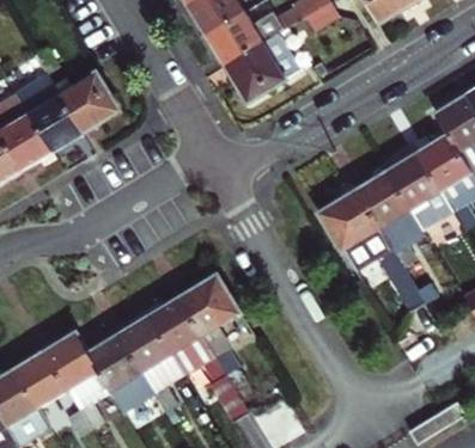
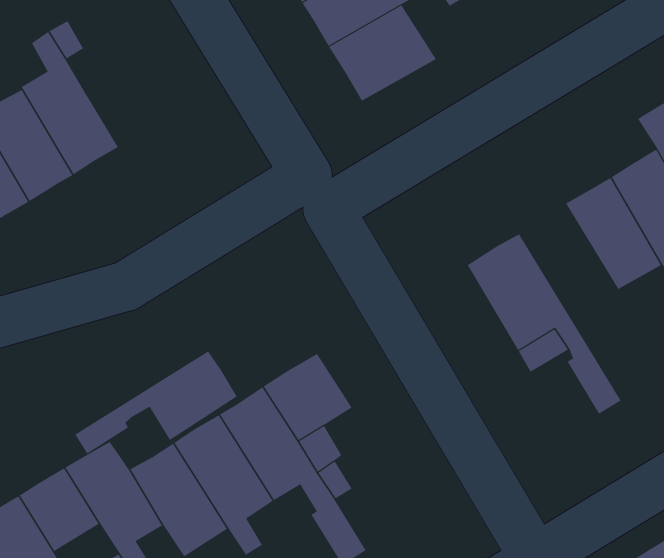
building: [59,70,120,133] -> none
building: [355,171,422,268] -> none
building: none -> [74,350,238,454]

